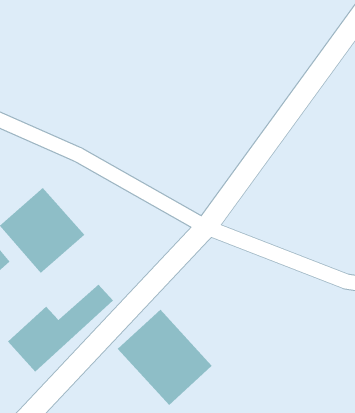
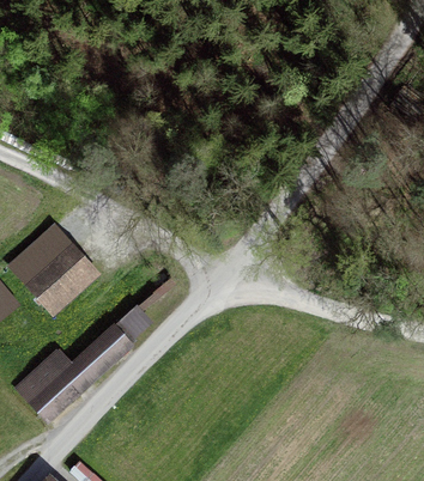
building: [117,309,213,406] -> none

